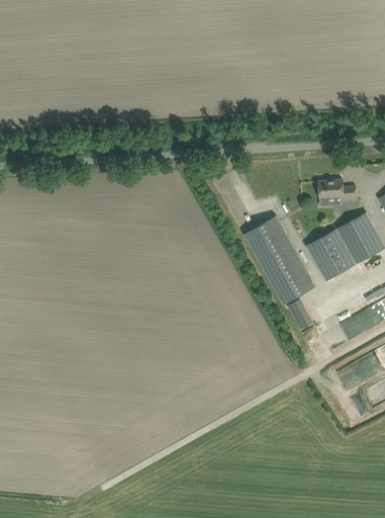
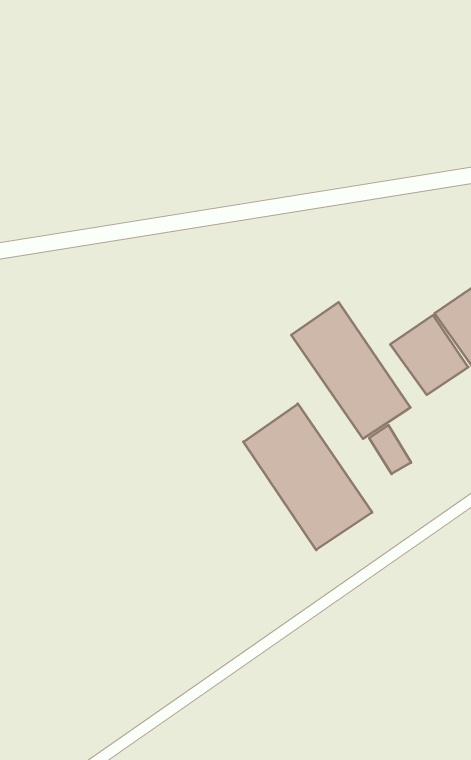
building: [318,179,356,200] -> none
building: none -> [243,404,372,550]

